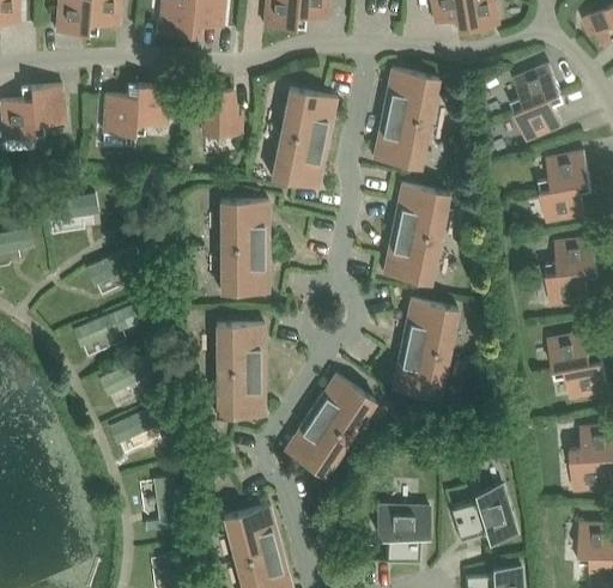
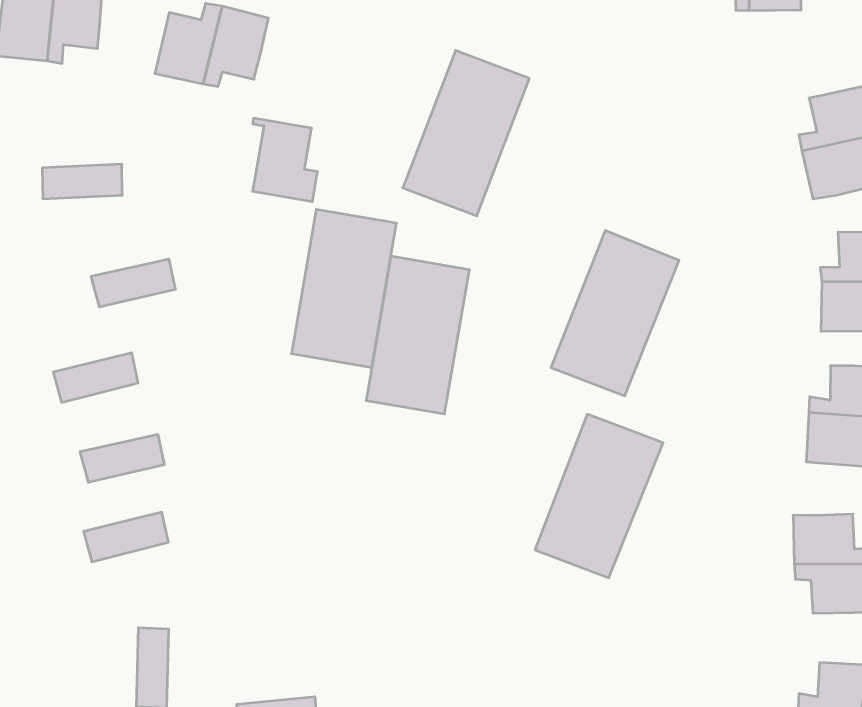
building: [372,68,441,169] -> none
building: [196,91,242,137] -> [253,118,318,202]
building: [216,325,266,417] -> [366,256,469,414]
building: [284,374,376,478] -> none

